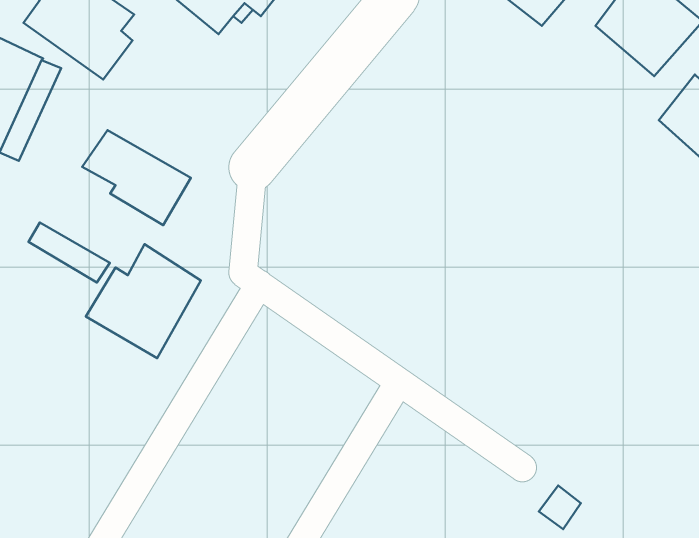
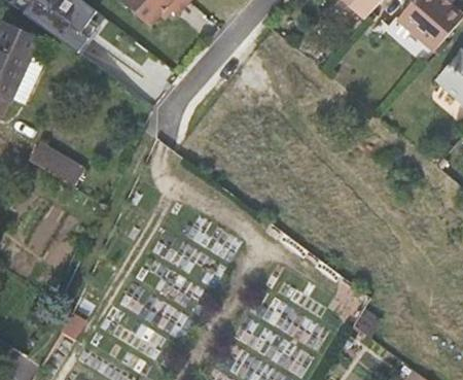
building: [82,130,191,225] -> none
building: [86,244,201,358] -> none

